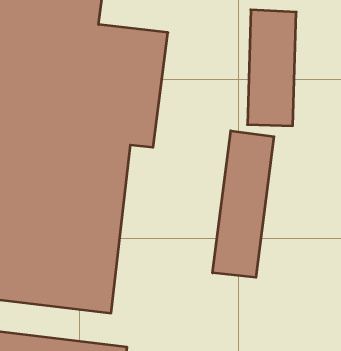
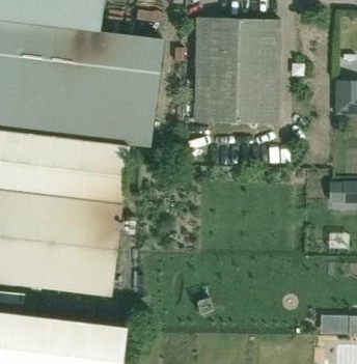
building: none -> [195,19,240,124]
building: [213,131,274,277] -> none

